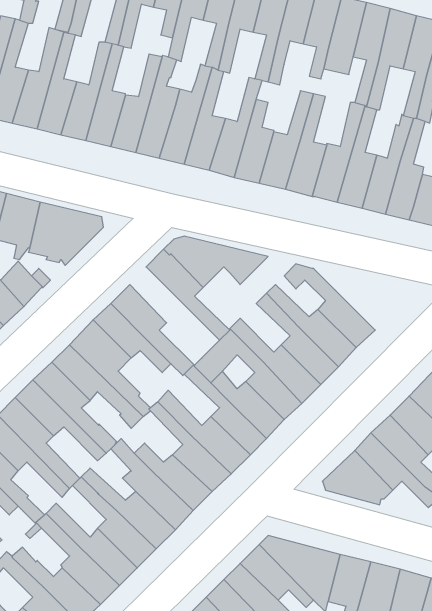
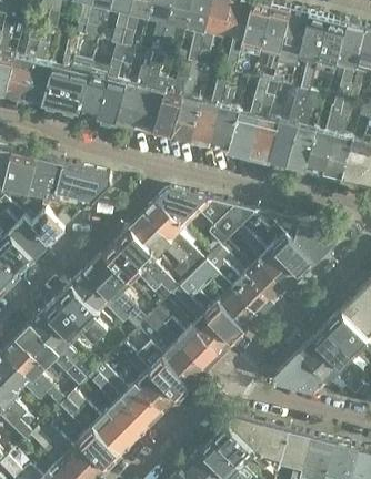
building: none -> [208,206,254,245]
building: none -> [129,214,197,283]
building: none -> [268,215,337,262]

